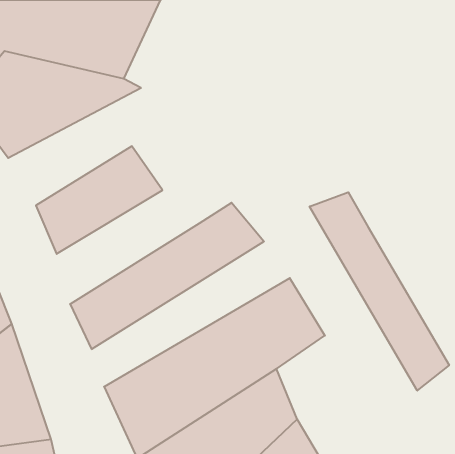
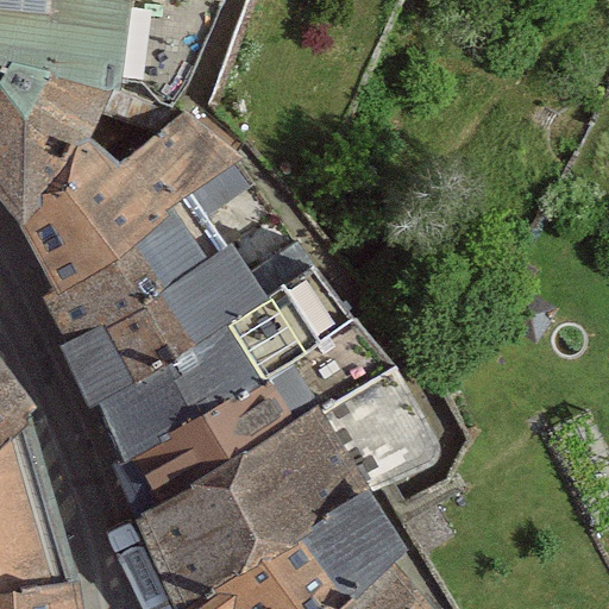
building: none -> [11,123,226,278]
building: none -> [75,252,264,409]
building: [310,192,449,391] -> none
building: none -> [121,326,384,519]

